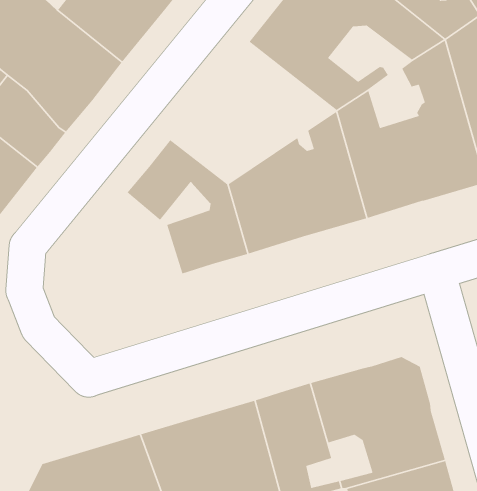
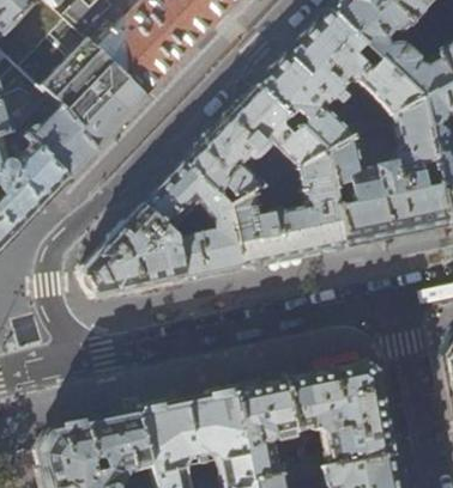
building: none -> [182,87,325,206]
building: none -> [78,206,182,298]

